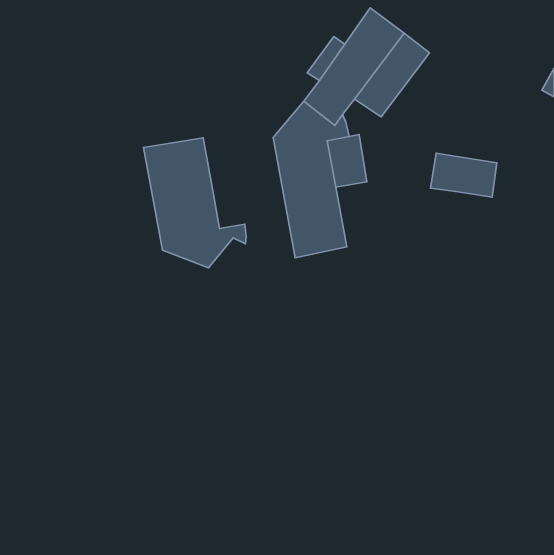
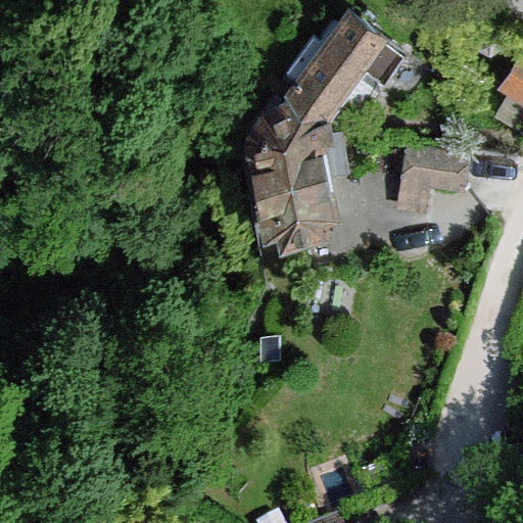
building: [144,138,246,268] -> none

